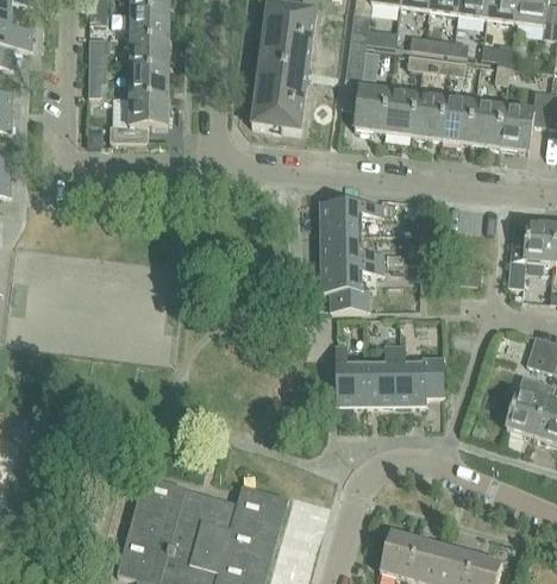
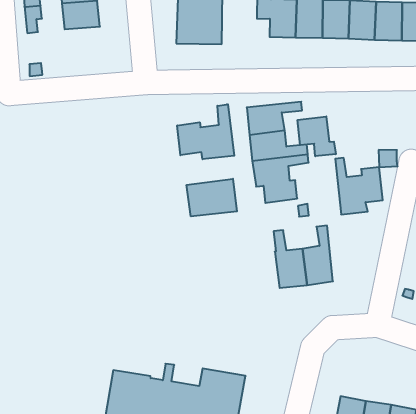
building: [111,95,169,139] -> none
building: none -> [177,104,234,159]
building: none -> [298,116,336,156]
building: none -> [187,179,237,216]
building: [396,341,444,403] -> [335,158,383,214]

